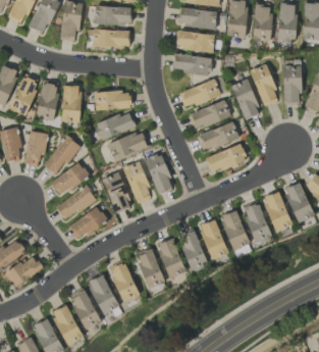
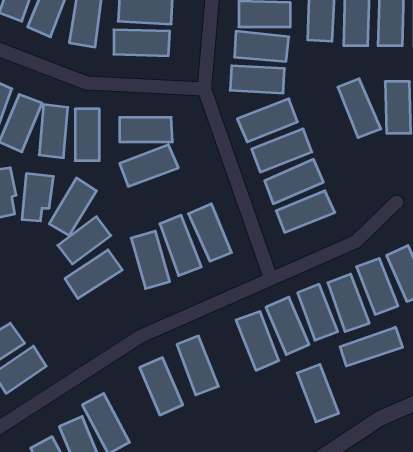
building: [230,79,261,120] -> none
building: [107,132,149,160] -> none
building: [69,206,107,240] -> none
building: [157,238,187,279] -> [297,364,339,422]
building: none -> [340,327,403,366]
building: [88,274,118,315] -> none

